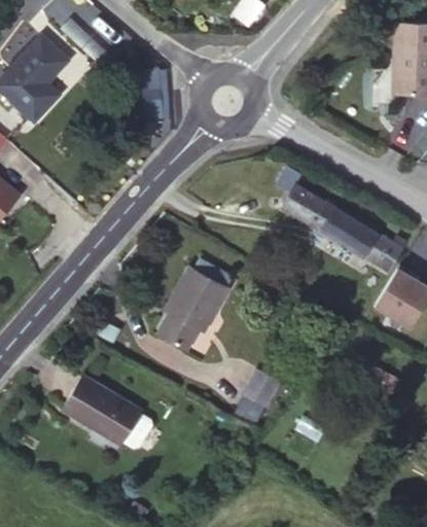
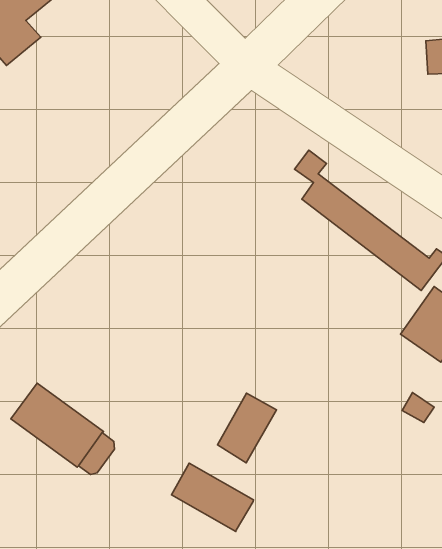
building: [157,268,228,351] -> none
building: none -> [171,463,254,532]

